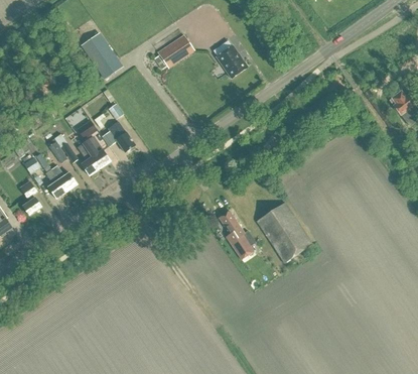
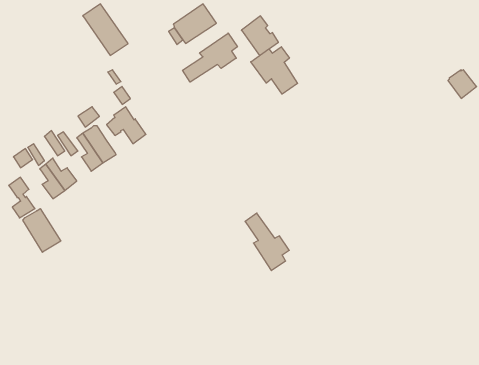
building: none -> [183,33,237,82]
building: none -> [251,47,298,94]
building: [256,202,312,262] -> none
building: none -> [23,209,61,252]

